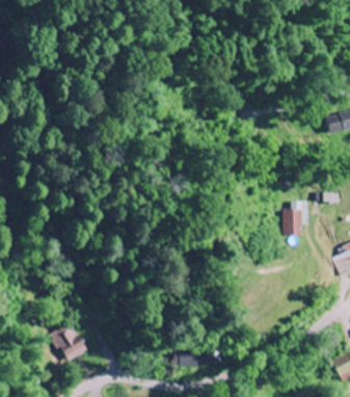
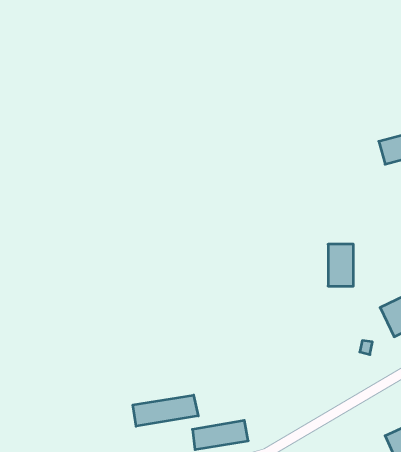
building: [49,321,86,363] -> none
building: none -> [133,395,198,426]

